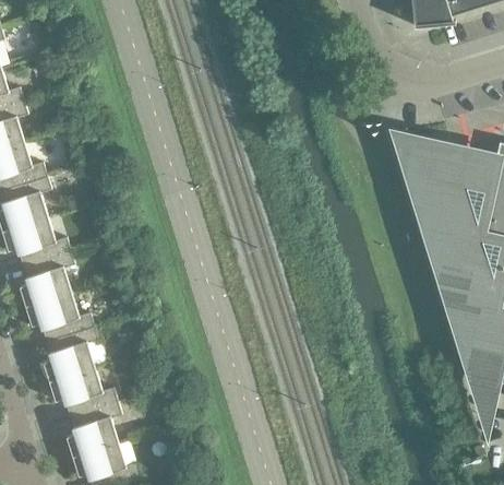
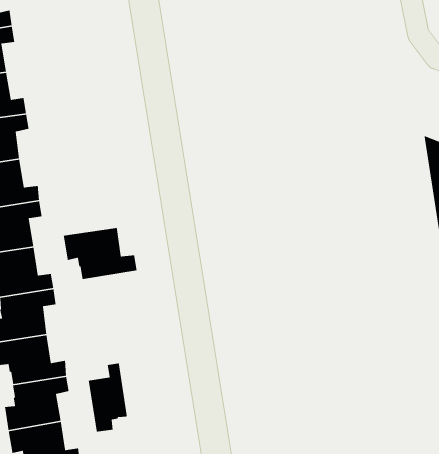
building: none -> [63,227,137,280]
building: none -> [88,362,128,433]

